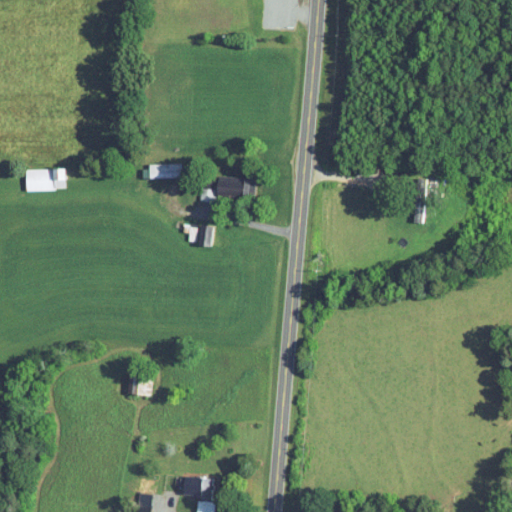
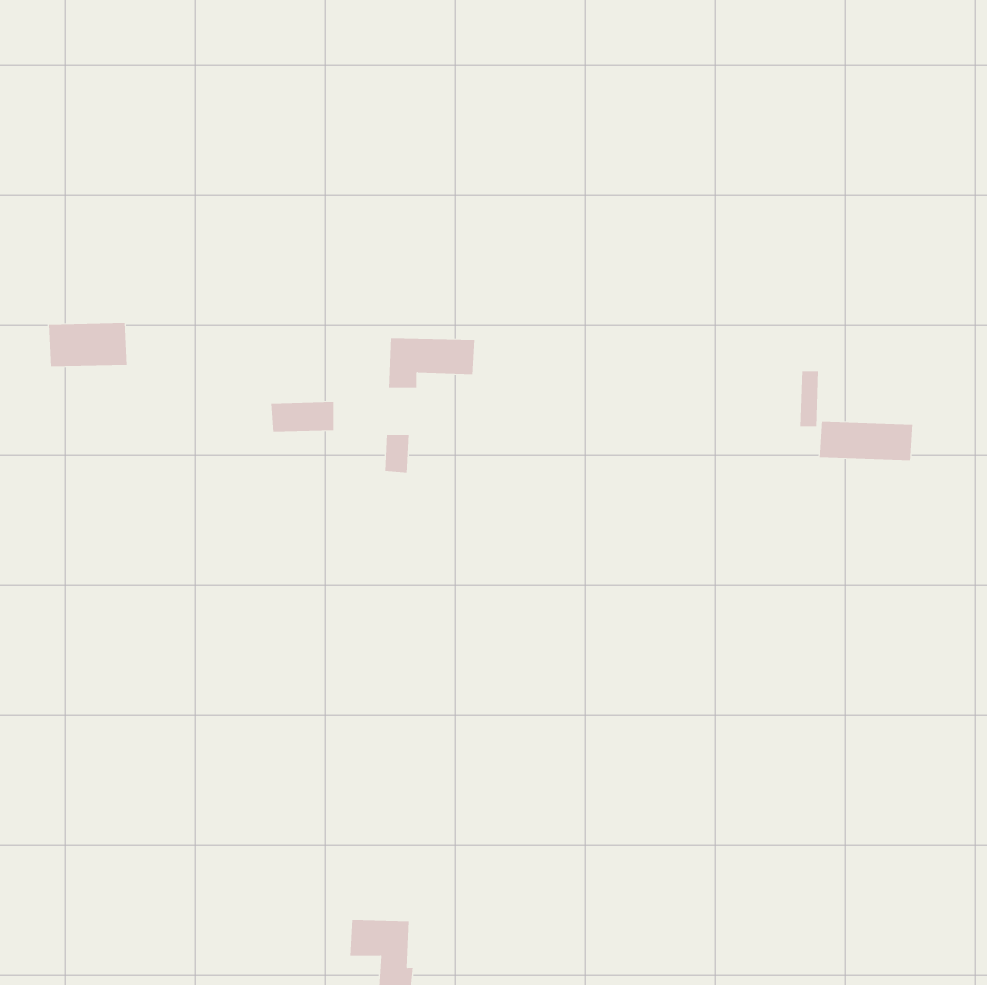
building: [148,163,181,179] -> [271,401,334,432]
building: none -> [819,421,913,461]

